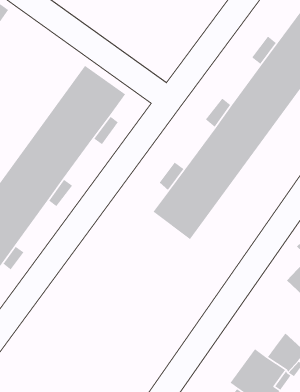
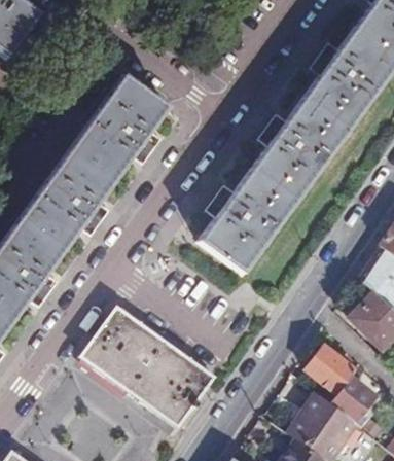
building: none -> [82,307,213,424]
building: none -> [306,345,355,392]

